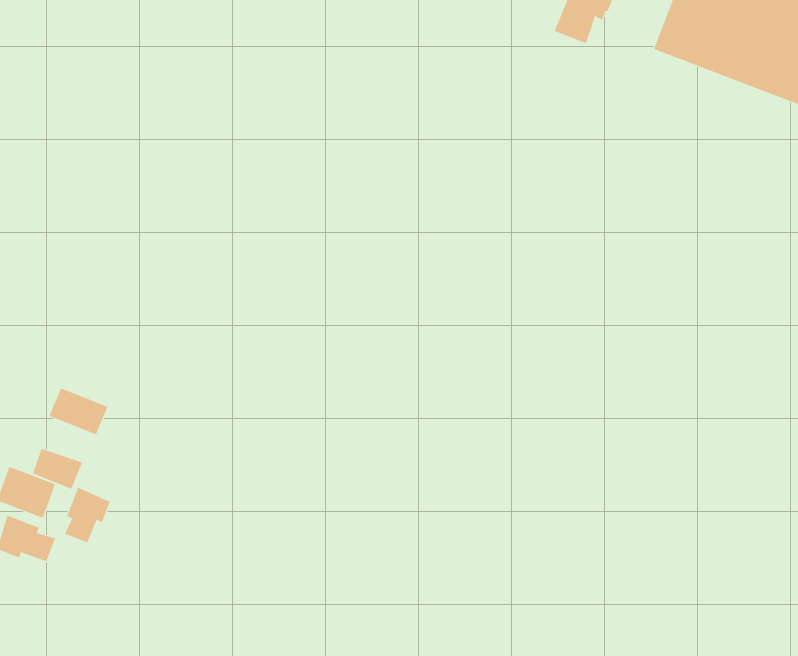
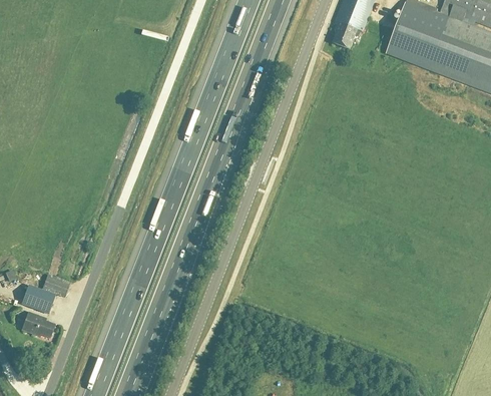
building: [49,388,108,435] -> none
building: [64,487,110,543] -> none

